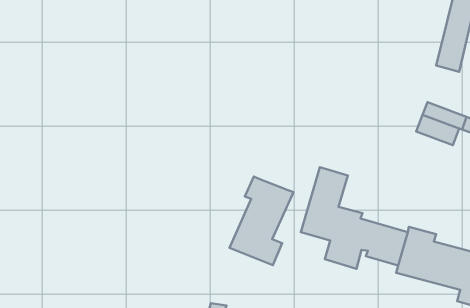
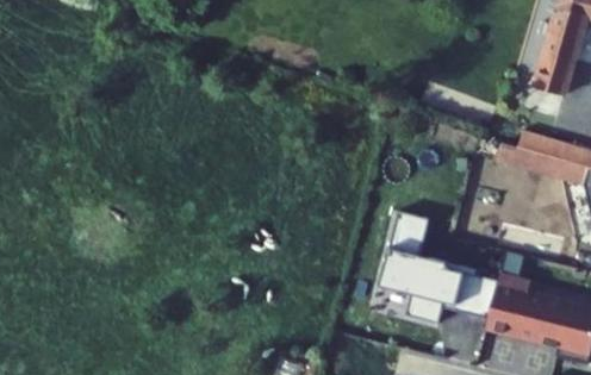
building: [230,176,293,265] -> none

